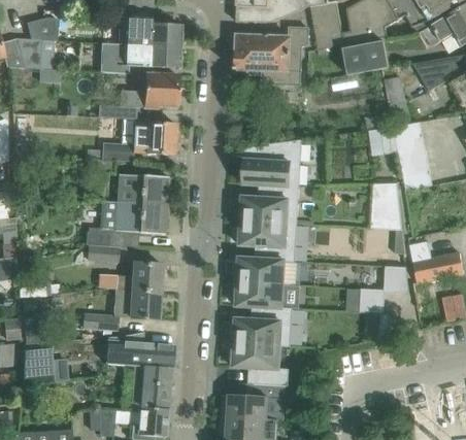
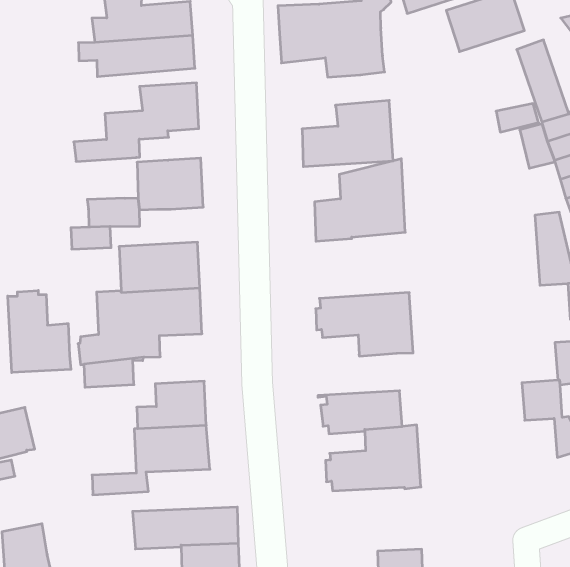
building: [241,183,300,223] -> [302,100,393,167]
building: none -> [8,290,71,373]
building: [233,257,286,283] -> none
building: [230,341,290,384] -> none

